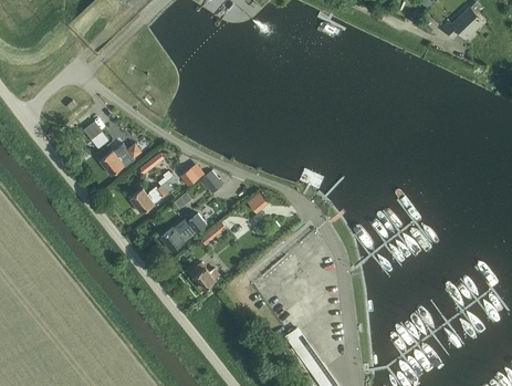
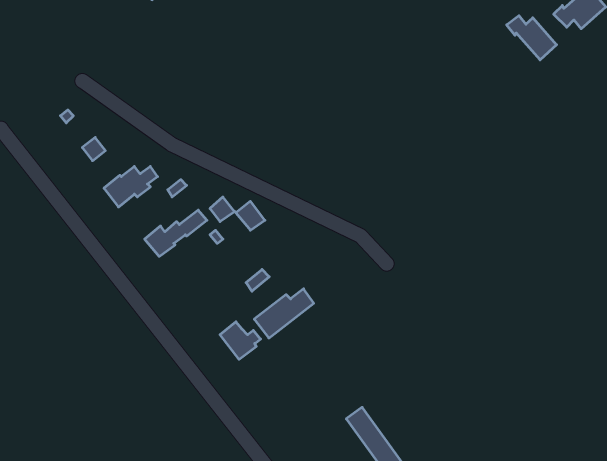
building: none -> [507,16,557,60]
building: [160,213,206,251] -> [254,289,314,338]

